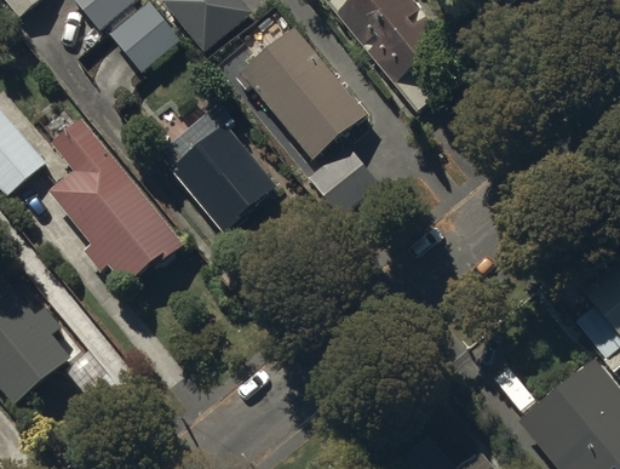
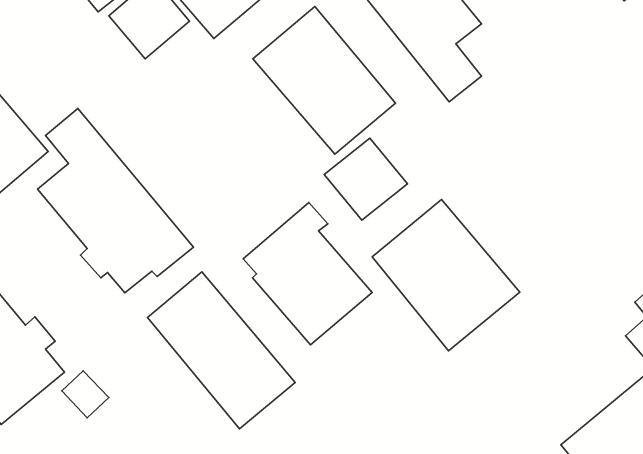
building: [160,101,276,229] -> [243,202,372,345]
building: none -> [372,199,520,351]
building: none -> [148,272,295,429]

